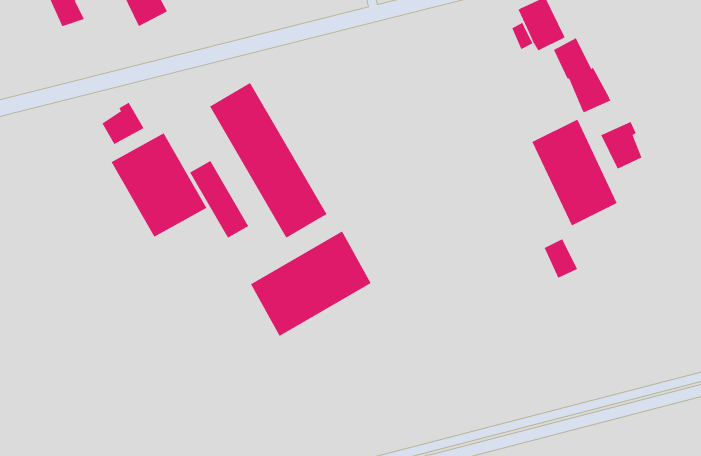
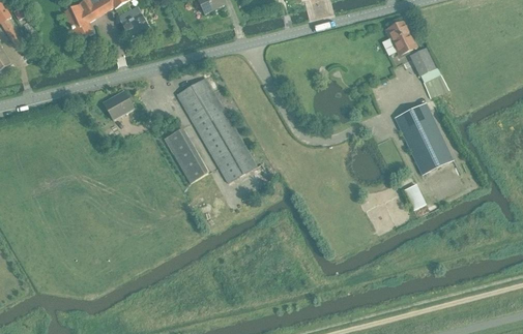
building: [601,121,642,170] -> none
building: [111,132,207,237] -> none
building: [250,230,372,337] -> none

